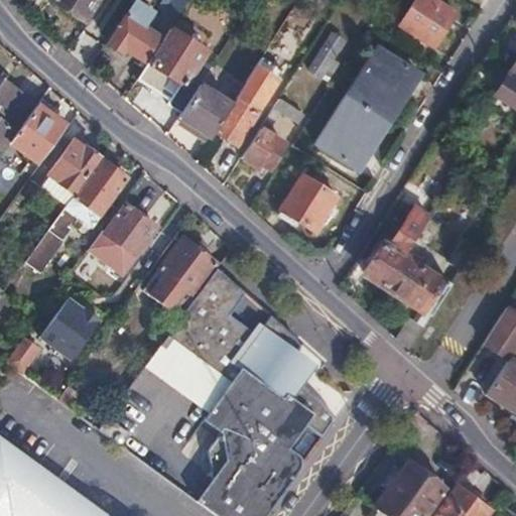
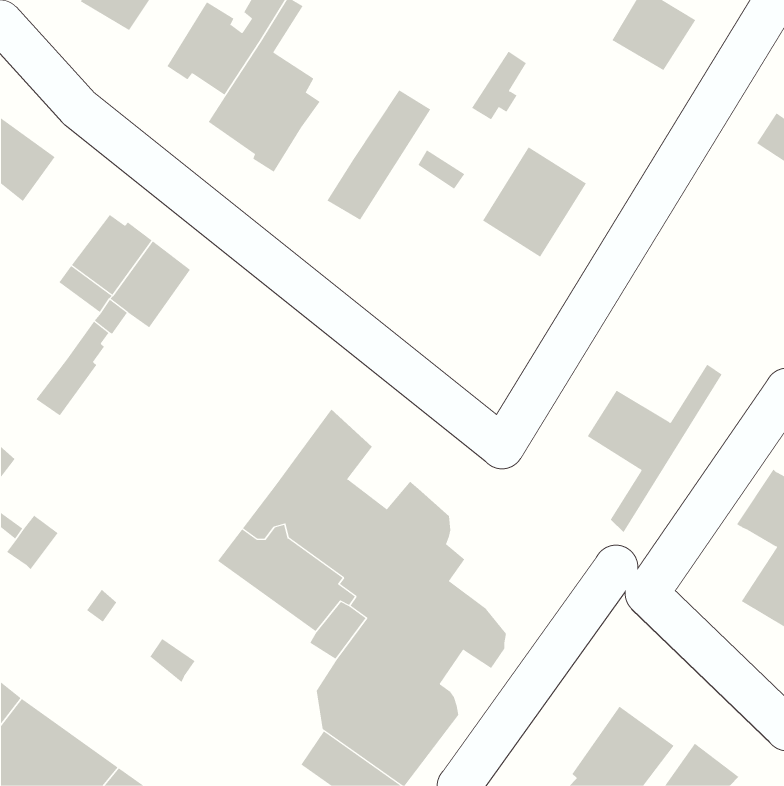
building: [348,46,418,120] -> none
building: [177,84,233,138] -> none
building: [10,102,63,161] -> none
building: [244,129,285,169] -> none
building: [282,176,337,231] -> none
building: [87,204,153,272] -> none
building: [368,208,429,285] -> none
building: [143,236,219,316] -> none
building: [38,292,98,358] -> none

